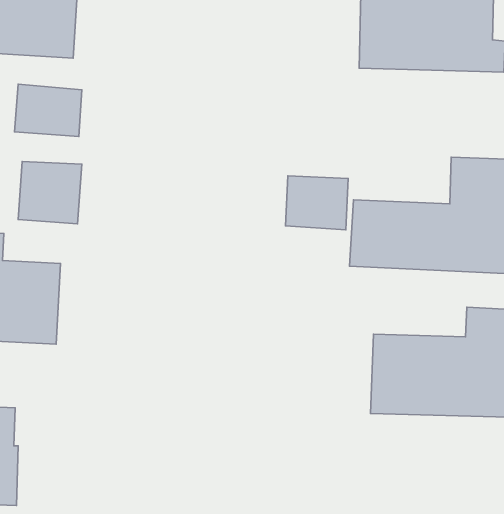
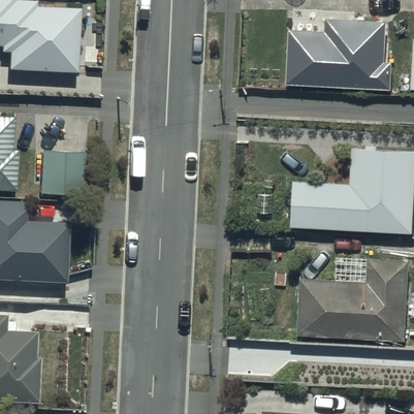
building: [15,84,82,136] -> none
building: [285,176,348,230] -> none

